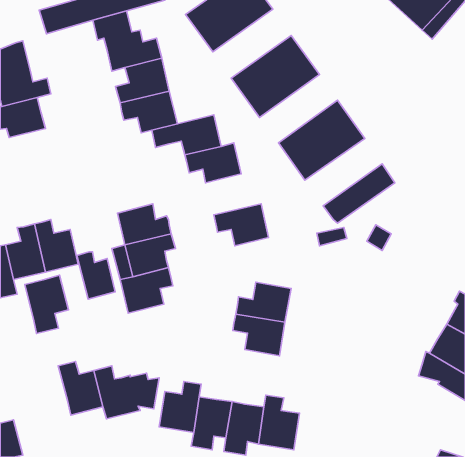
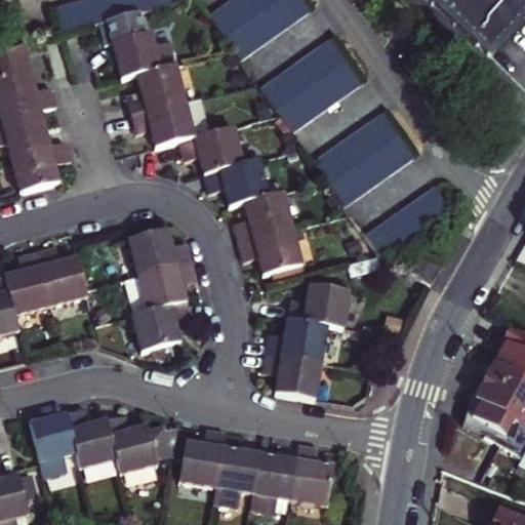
building: none -> [10,140,71,192]
building: none -> [237,193,294,242]
building: none -> [288,283,348,327]
building: [77,252,115,299] -> none
building: [25,275,68,334] -> [27,412,76,478]

